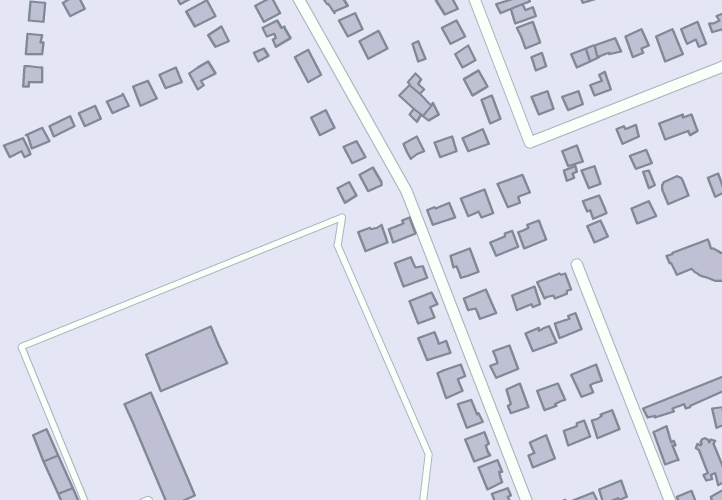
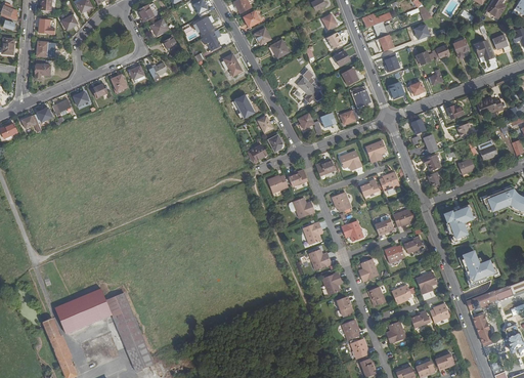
building: none -> [444,201,474,240]
building: [146,327,227,391] -> [54,287,111,332]
building: none -> [461,249,496,283]

